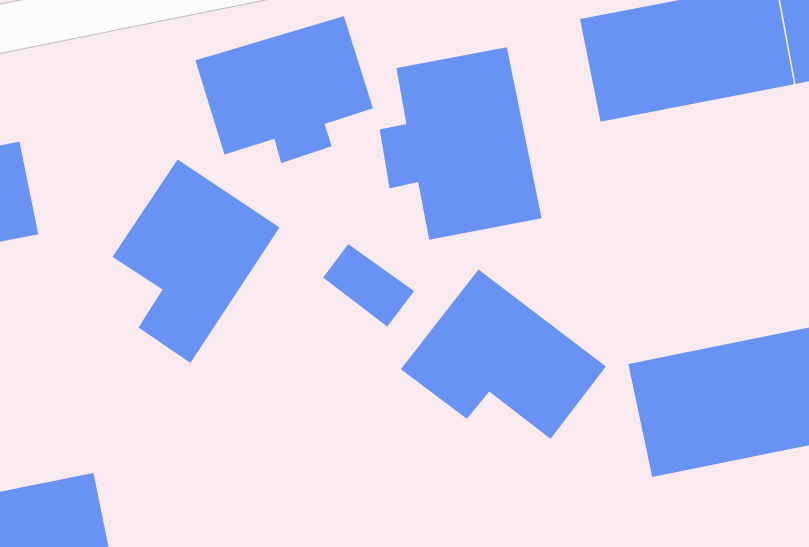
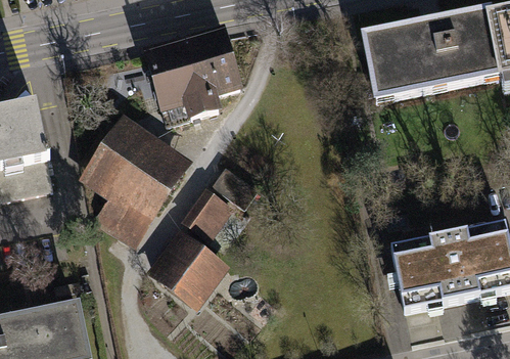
building: [379,47,542,241] -> none
building: [400,268,607,440] -> none
building: none -> [152,191,231,302]

